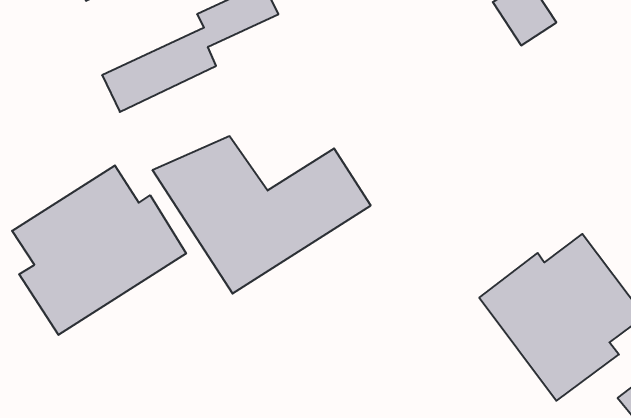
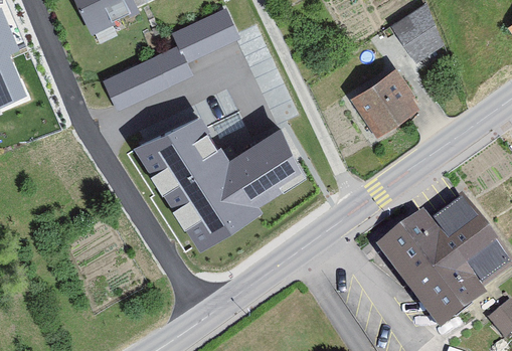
building: none -> [358,73,415,128]
building: [12,165,186,335] -> none

